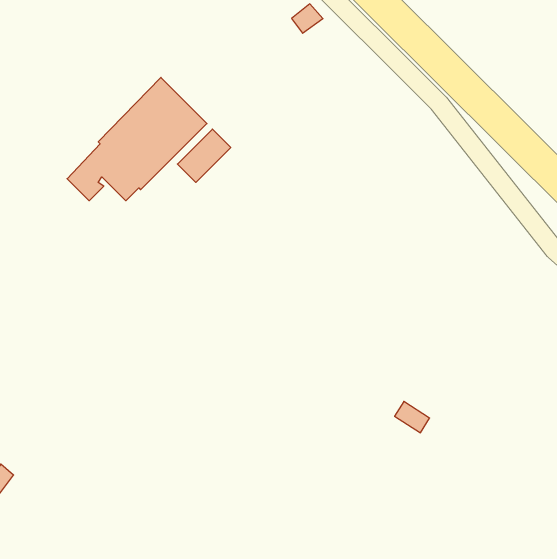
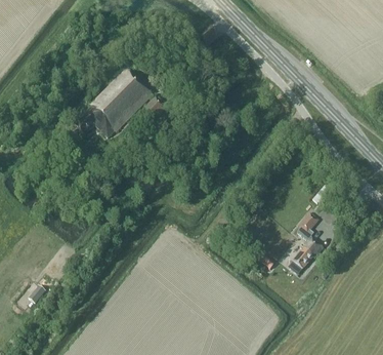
building: none -> [291,212,322,270]

